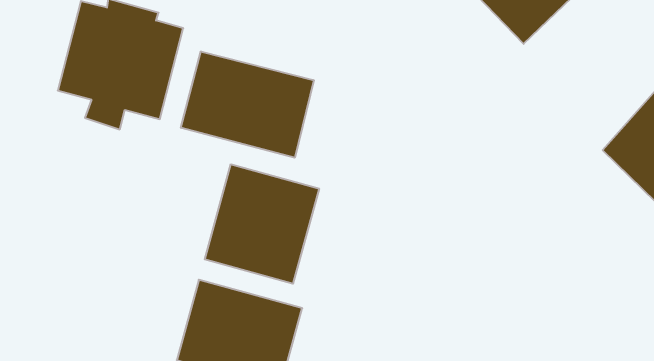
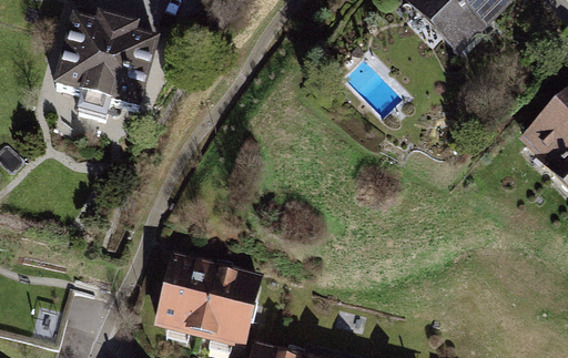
building: [181,51,314,158] -> none
building: [205,164,319,284] -> none

